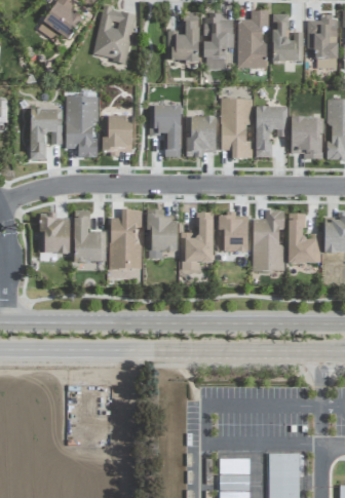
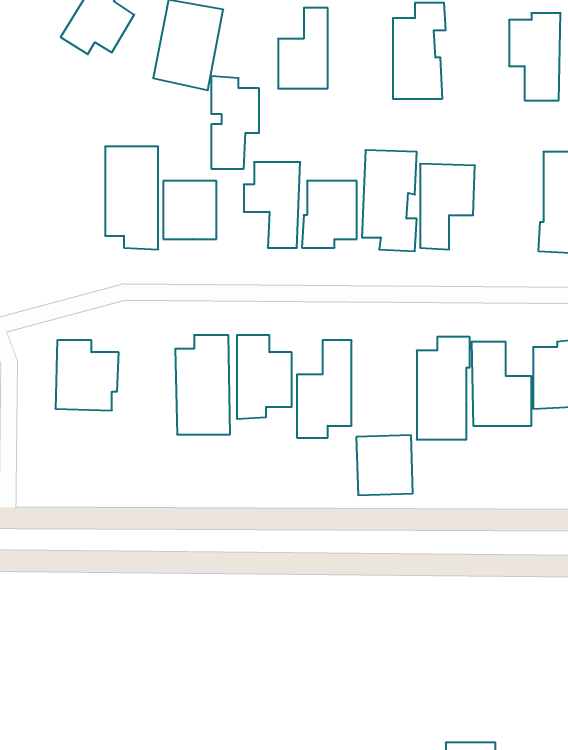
building: [205,13,234,69] -> [211,76,259,169]
building: [273,14,304,62] -> none
building: [27,110,62,160] -> none
building: [289,117,323,159] -> none
building: [74,210,106,262] -> none
building: [216,217,250,253] -> [356,435,413,495]

